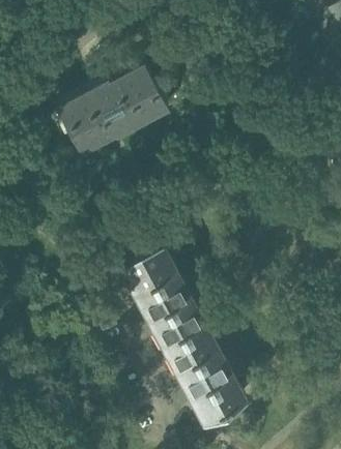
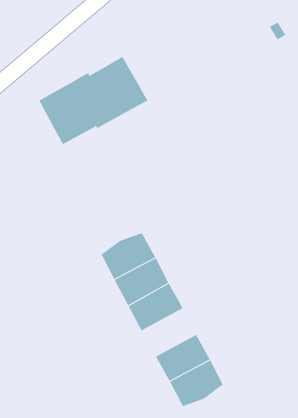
building: [162,324,219,373] -> none

